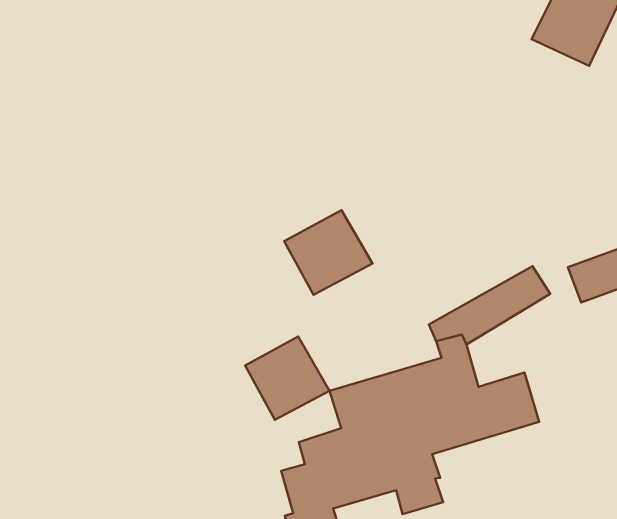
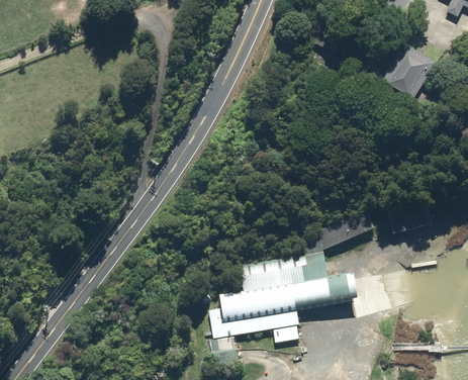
building: [284,210,372,295] -> none
building: [245,336,329,420] -> none

